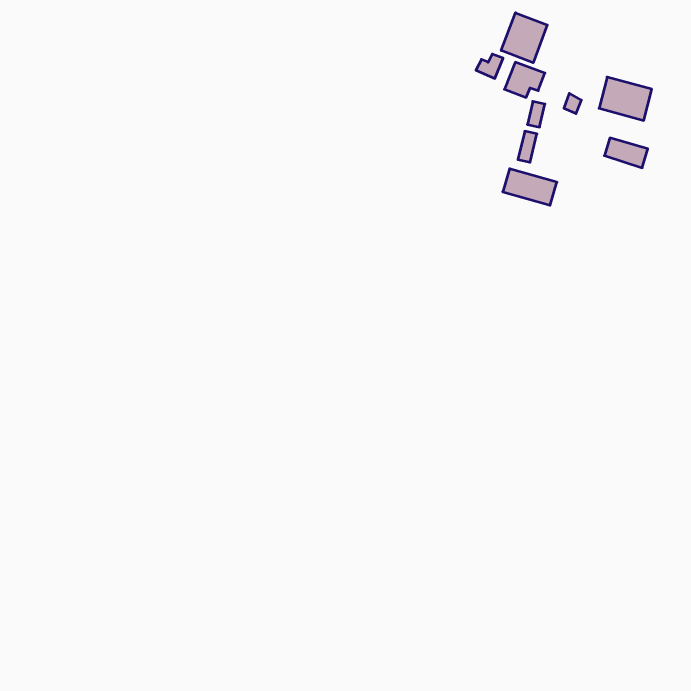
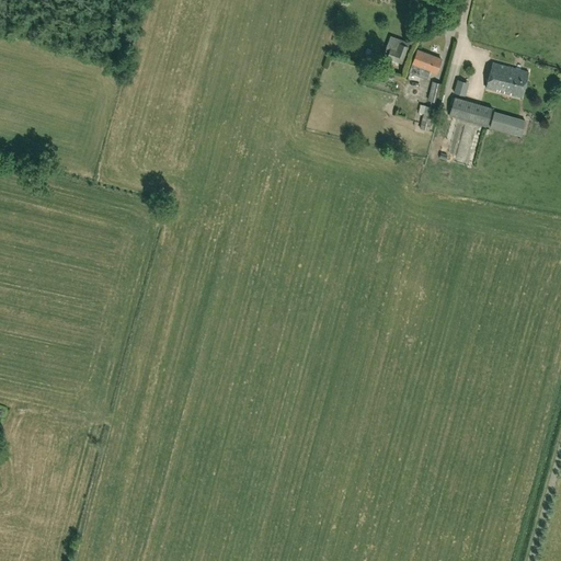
building: [501,13,547,63] -> none
building: [503,169,557,205] -> [448,96,492,126]

